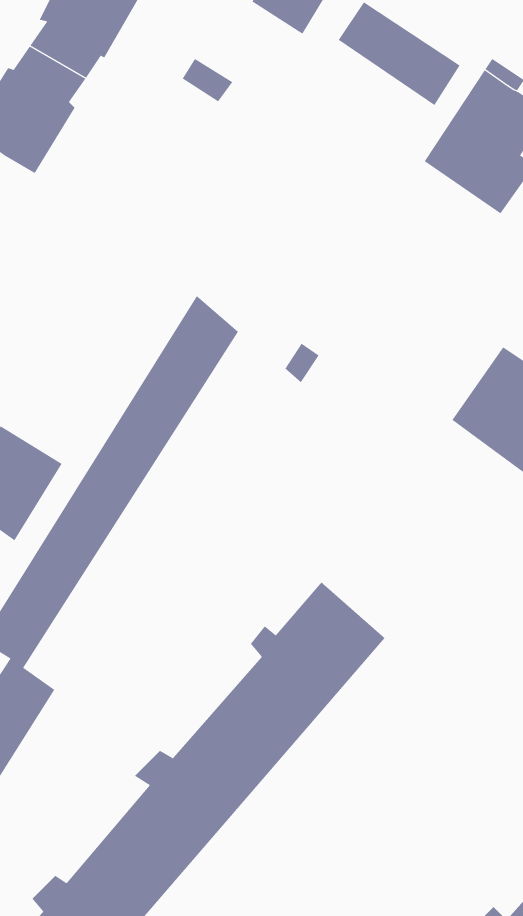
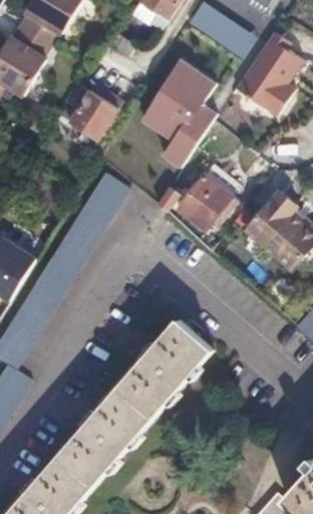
building: none -> [139,60,216,170]
building: none -> [57,83,123,145]
building: none -> [179,174,231,228]

